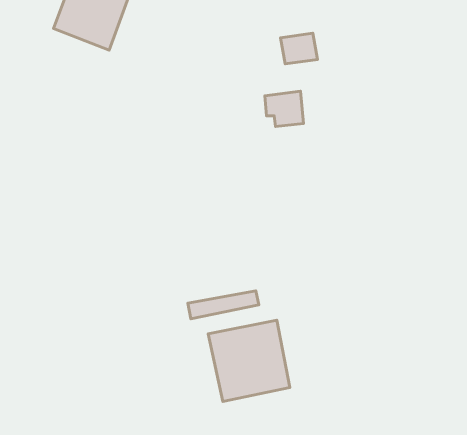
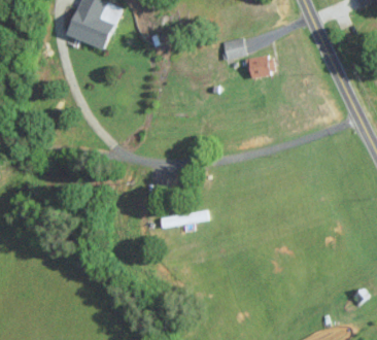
building: [265,91,303,127] -> [244,55,270,78]
building: [208,320,290,401] -> none

